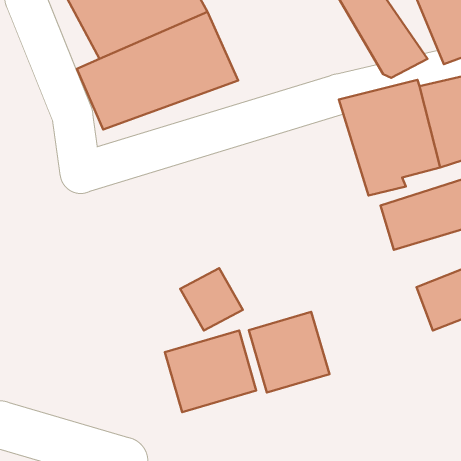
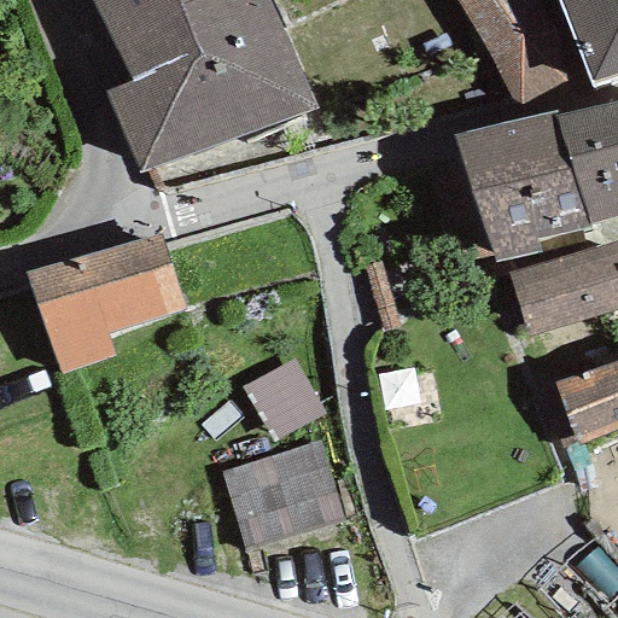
building: none -> [28,229,185,373]
building: [249,312,329,393] -> none

